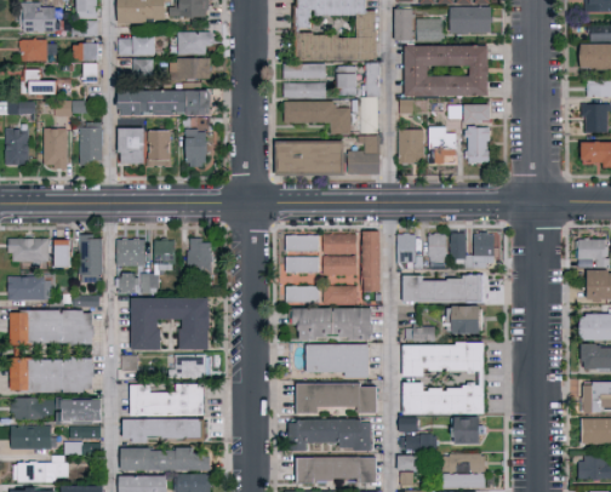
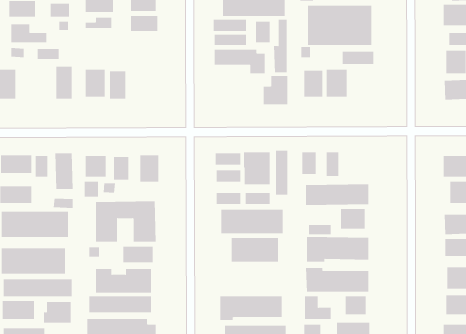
building: [118,91,210,115] -> none
building: [44,127,67,170] -> none
building: [466,127,490,162] -> none
building: [185,130,206,167] -> none
building: [275,142,343,173] -> none
building: [451,233,493,268] -> none
building: [296,383,377,413] -> none

